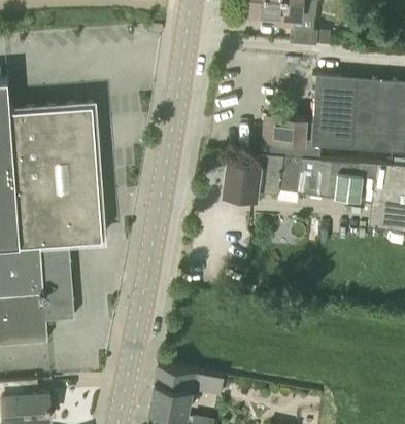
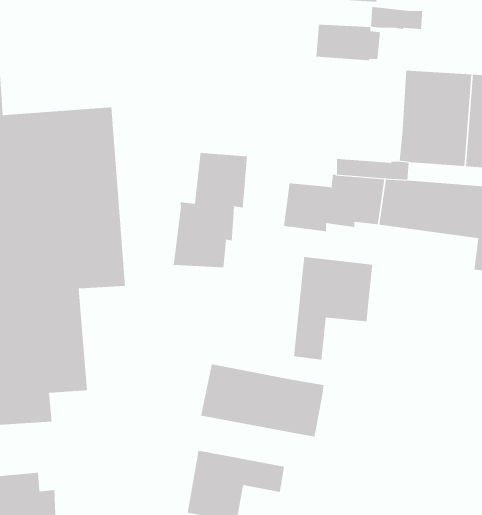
building: [263,119,312,147] -> [316,24,381,61]
building: none -> [173,152,247,268]
building: none -> [293,256,373,361]
building: none -> [200,363,324,438]

